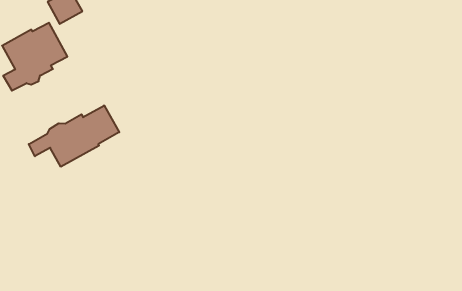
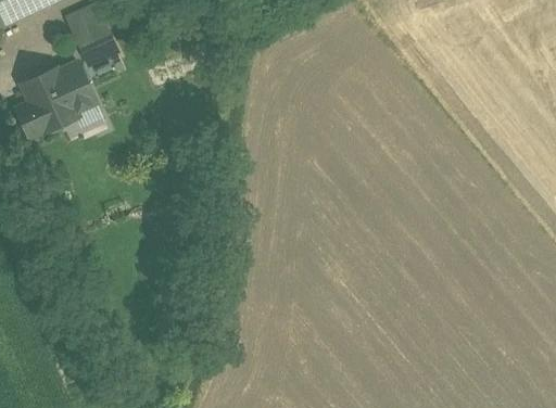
building: [29,105,119,167] -> none

